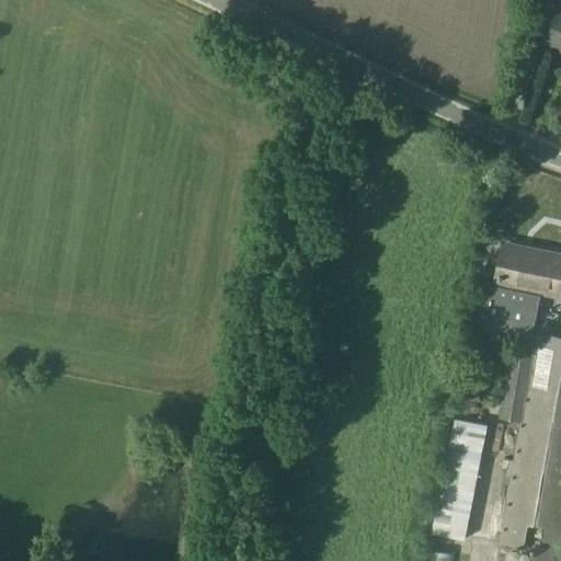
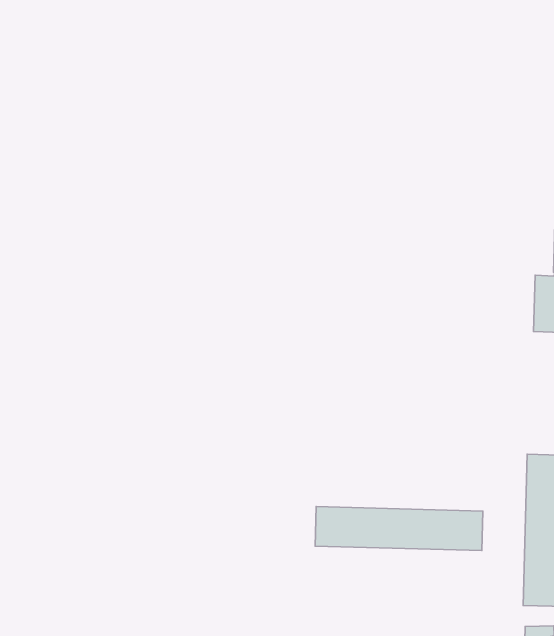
building: none -> [315,507,483,551]

